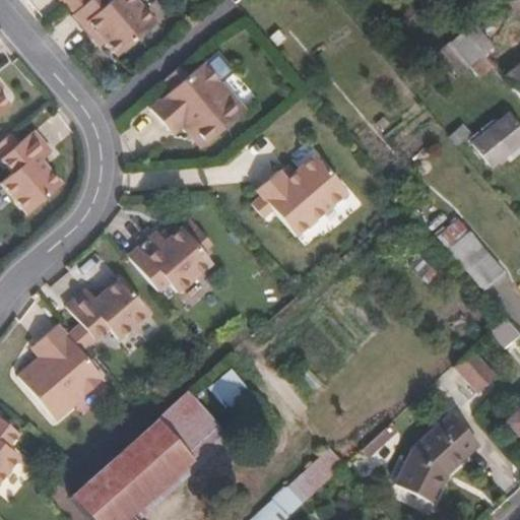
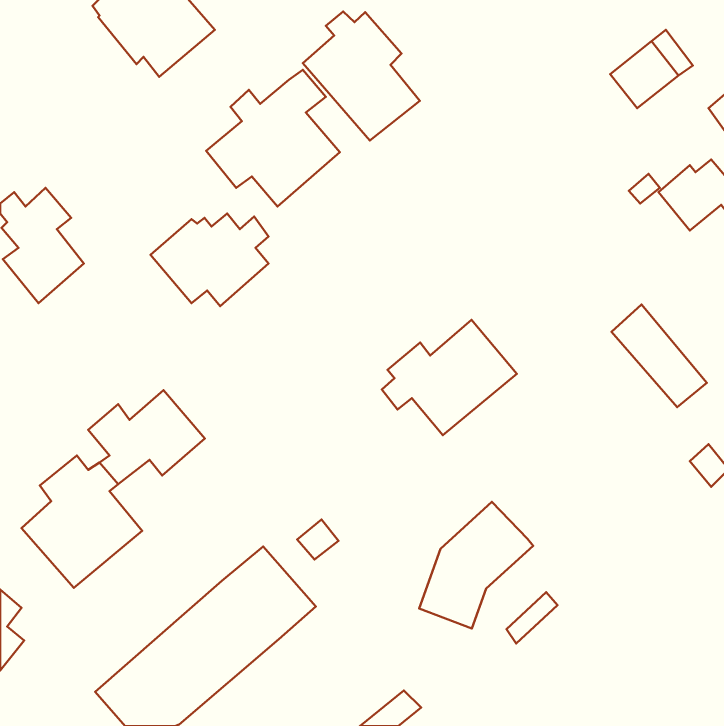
building: none -> [303,12,420,141]
building: [252,153,348,236] -> [382,320,517,435]
building: [127,228,211,294] -> [150,214,268,306]
building: [454,349,497,394] -> none
building: [401,416,482,507] -> [419,502,533,629]

